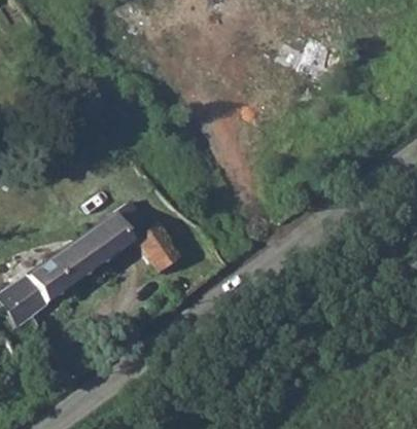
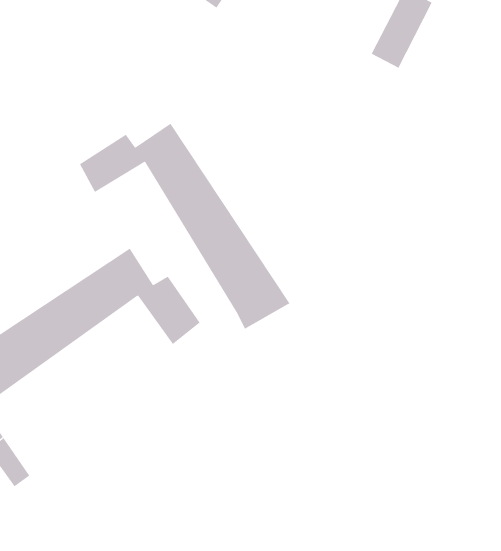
building: none -> [79,123,290,330]

